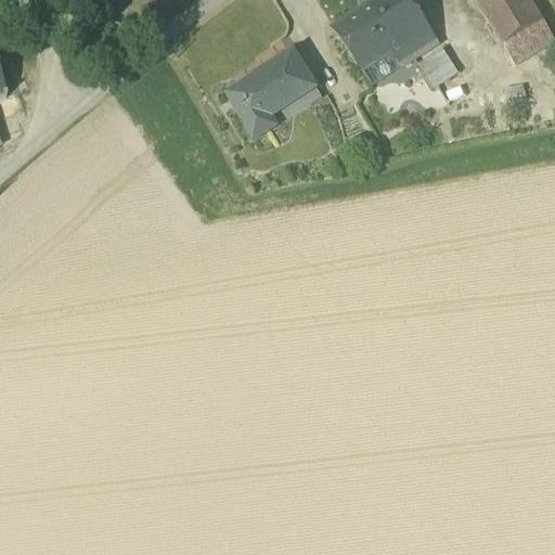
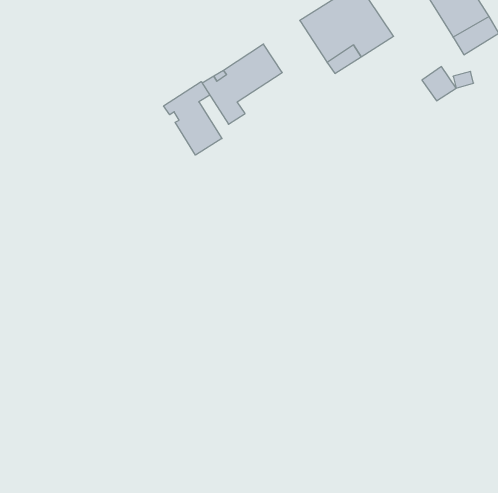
building: [417,44,455,82] -> [422,67,456,101]
building: none -> [164,82,222,155]

